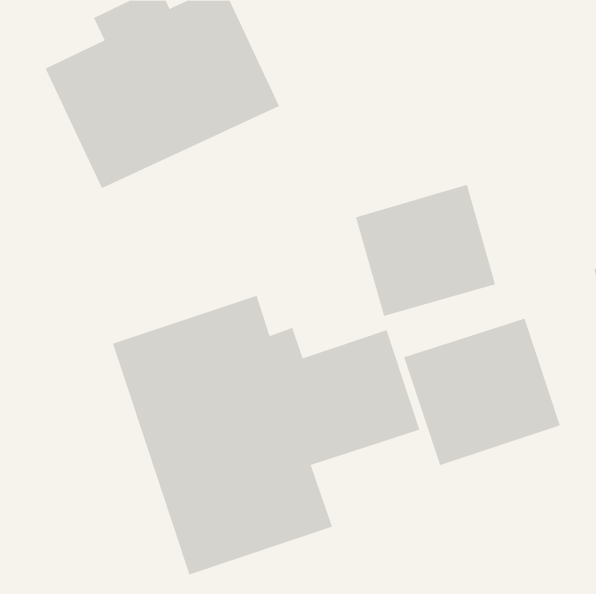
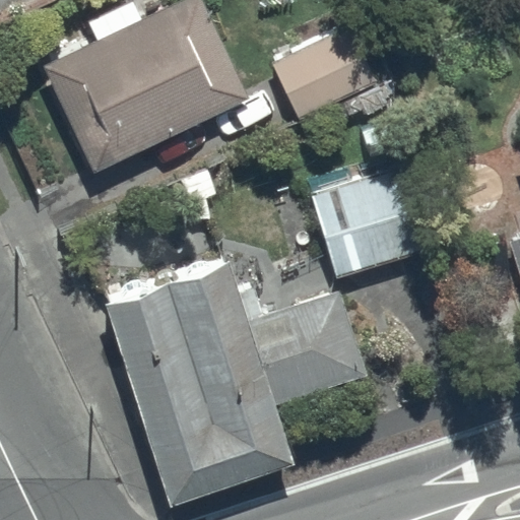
building: none -> [272,27,379,122]
building: [403,318,560,466] -> none

